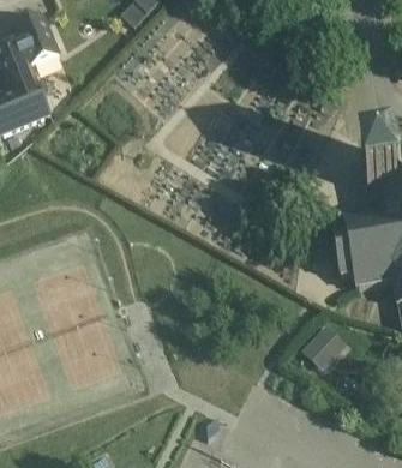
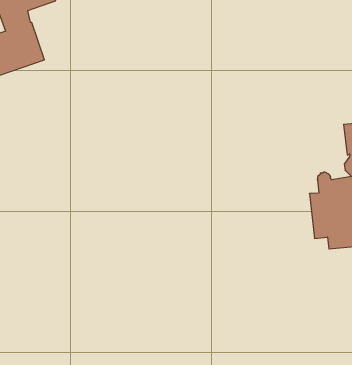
building: [300,325,344,366] -> none

